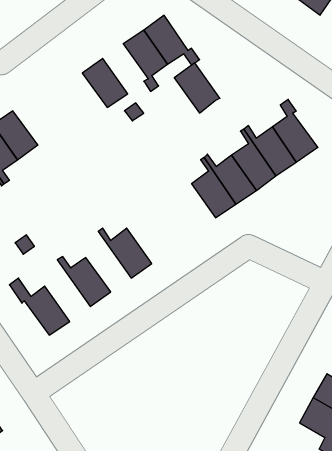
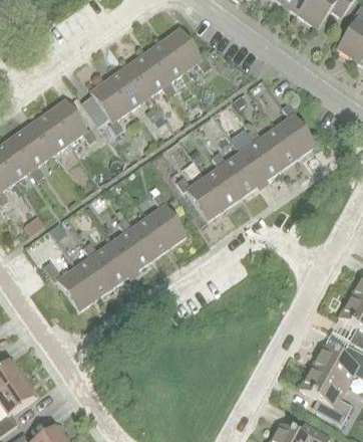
building: [174,63,220,113] -> [126,53,166,97]
building: none -> [82,79,130,133]
building: none -> [47,99,96,143]
building: none -> [176,176,226,220]
building: none -> [147,192,187,247]
building: none -> [111,219,151,272]
building: none -> [75,244,115,298]

